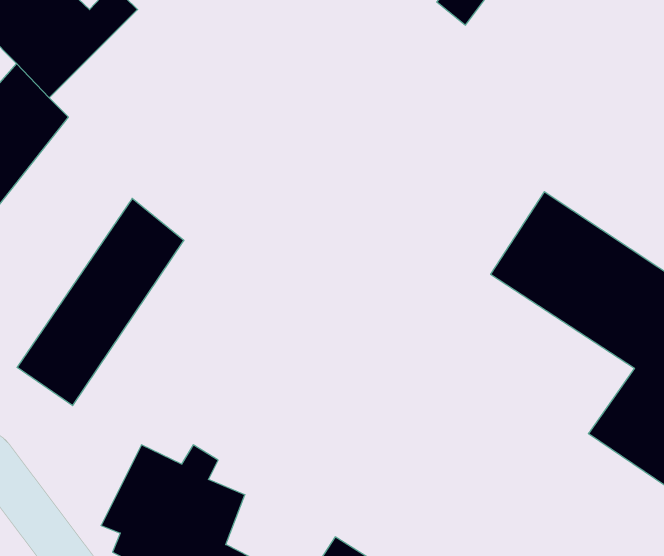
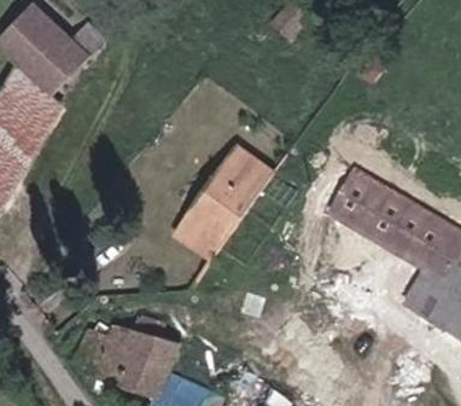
building: [17,198,184,406] -> [167,143,272,273]

